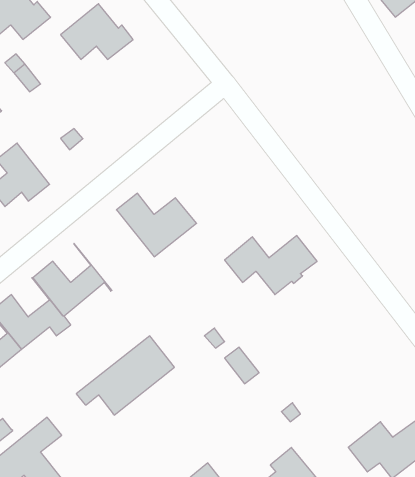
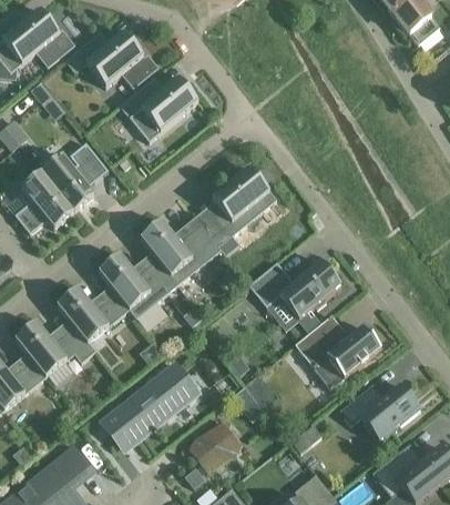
building: none -> [120,77,198,141]
building: none -> [42,153,94,211]
building: none -> [200,166,276,250]
building: none -> [99,236,178,316]
building: none -> [295,323,381,388]
building: none -> [339,386,420,444]
building: none -> [188,421,242,472]

